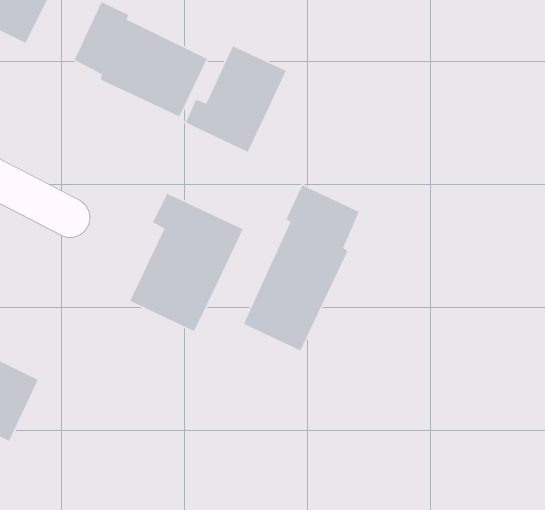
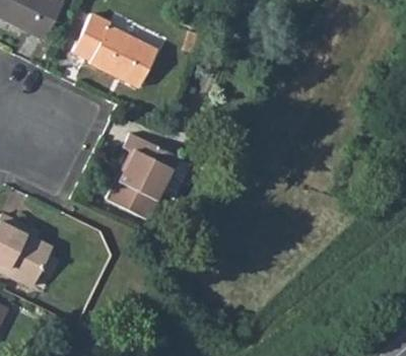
building: [185,45,287,153] -> none
building: [243,184,360,351] -> none

